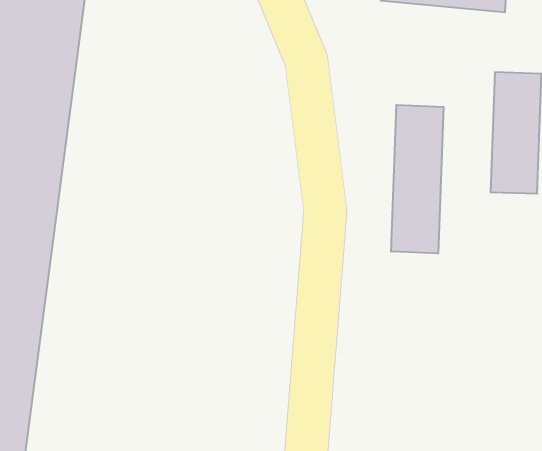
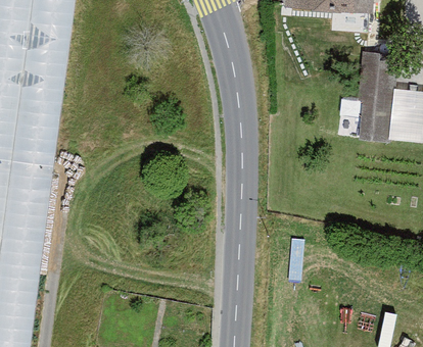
building: [391,105,443,254] -> none

